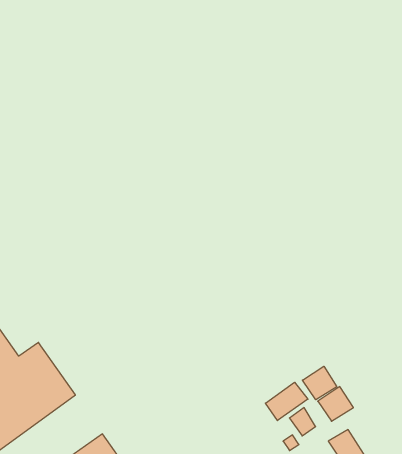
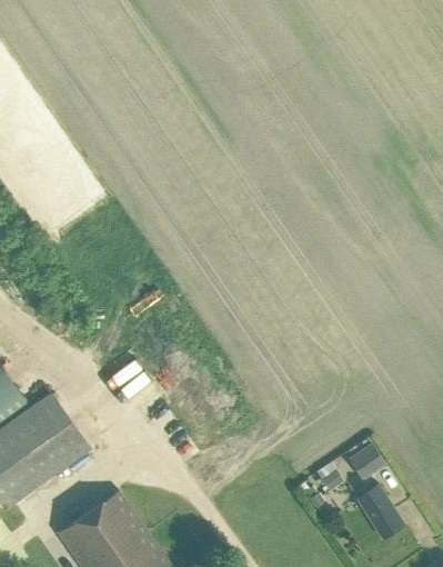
building: [302,366,337,400] -> none
building: [265,382,308,421] -> none

